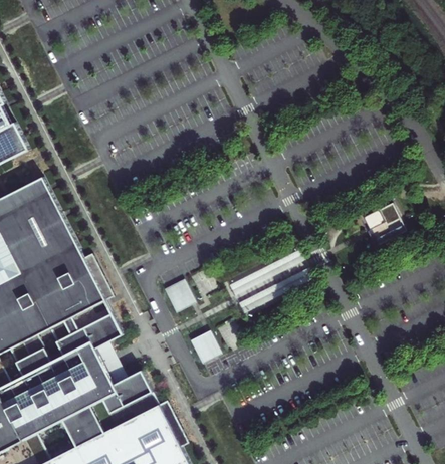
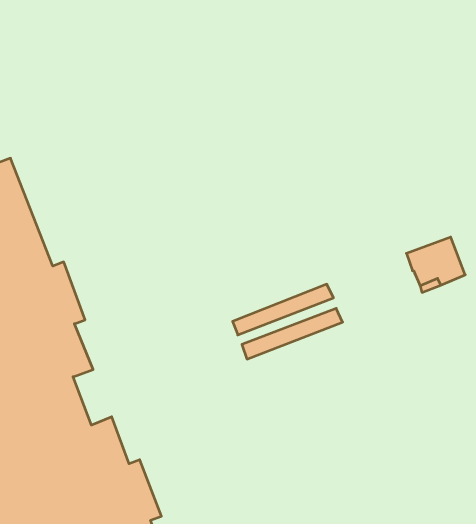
building: [163,281,191,311] -> none
building: [189,333,218,364] -> none

